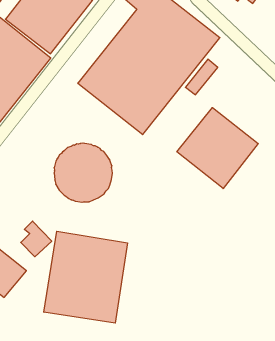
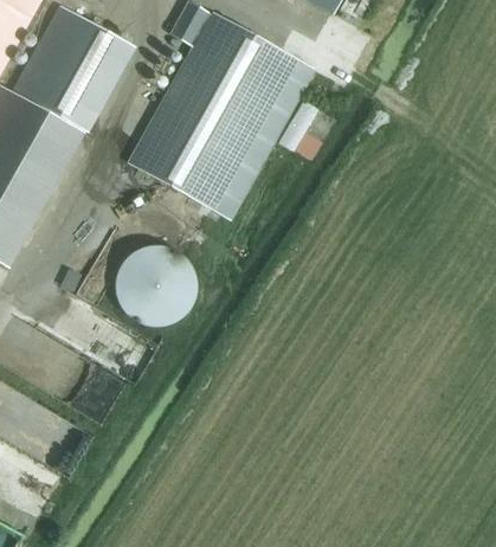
building: [177,108,258,189] -> none
building: [44,231,127,323] -> none

